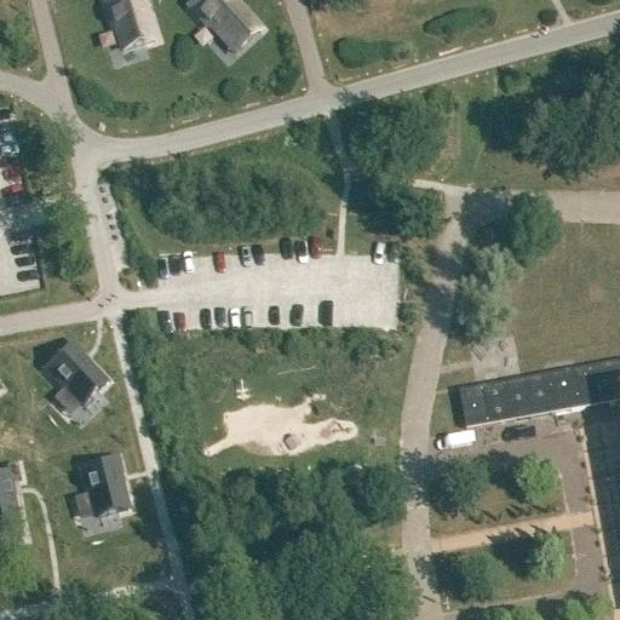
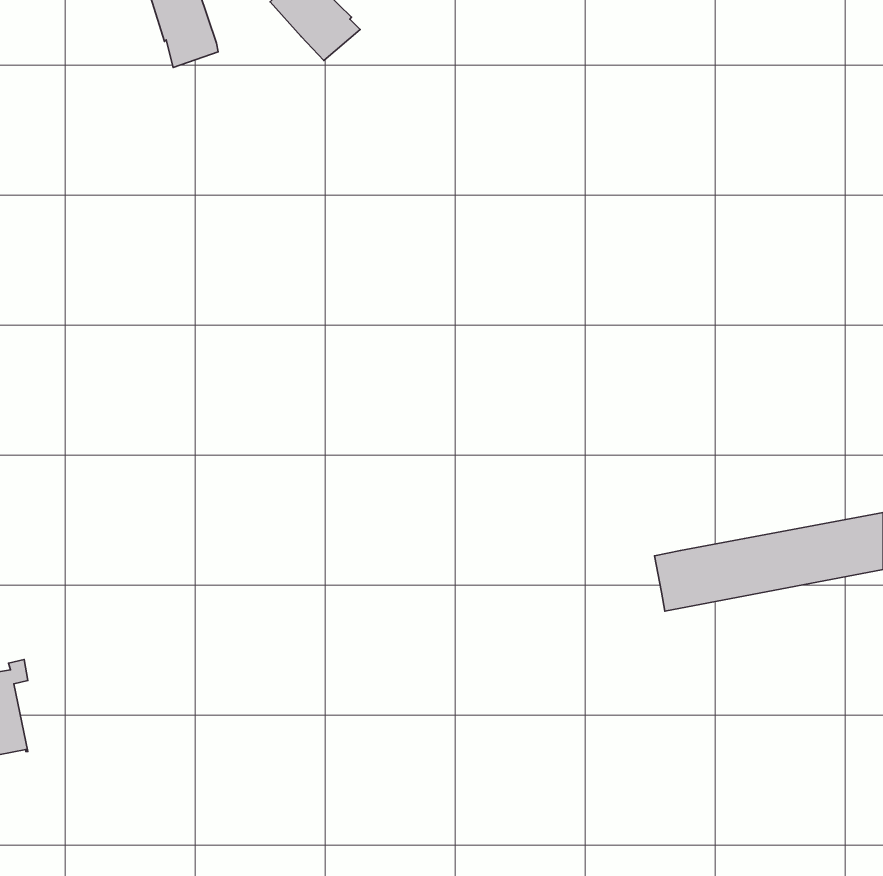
building: [45,341,107,402] -> none
building: [82,455,128,515] -> none

